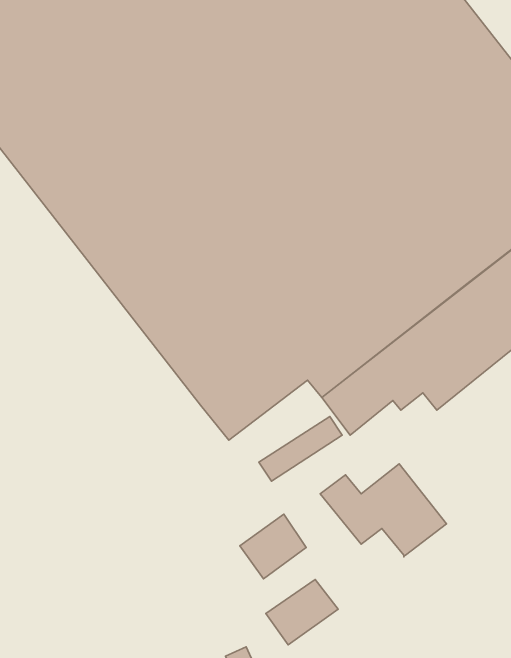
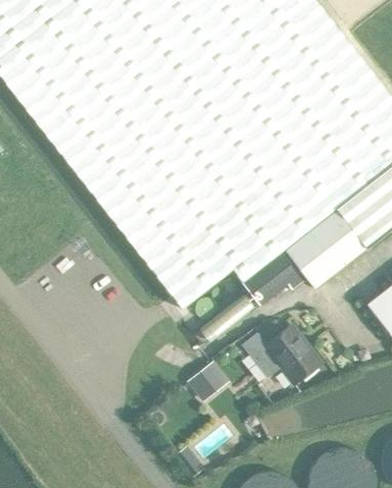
building: [266,579,338,645] -> none

